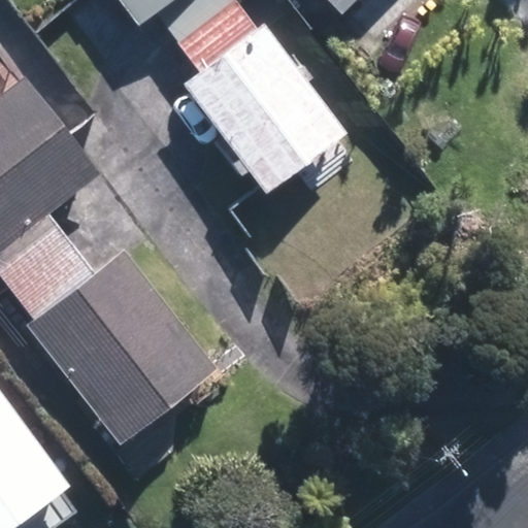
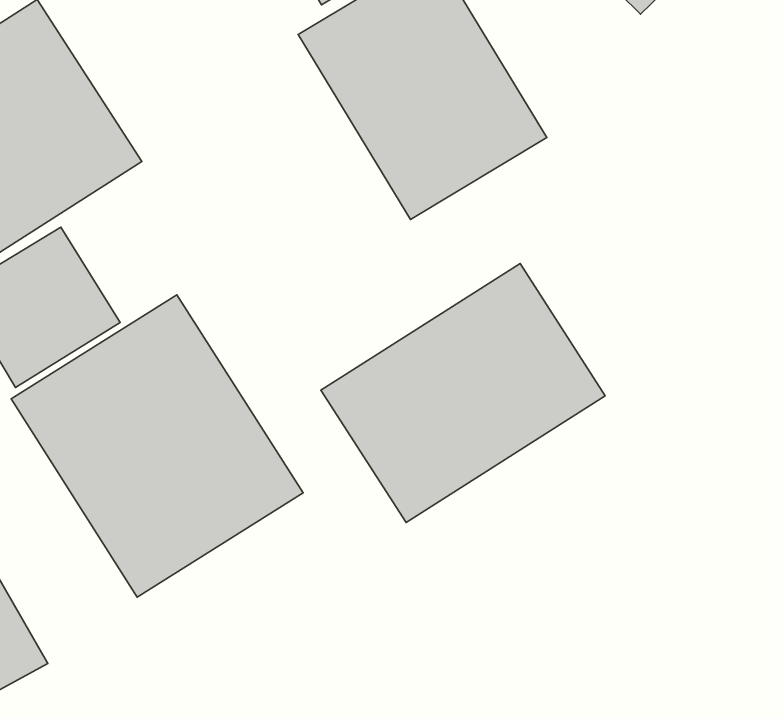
building: none -> [321,264,605,522]

